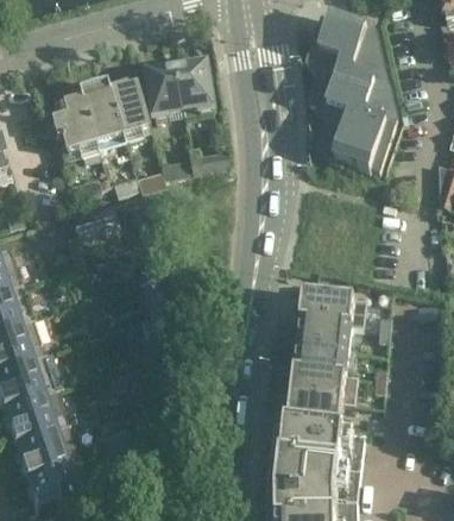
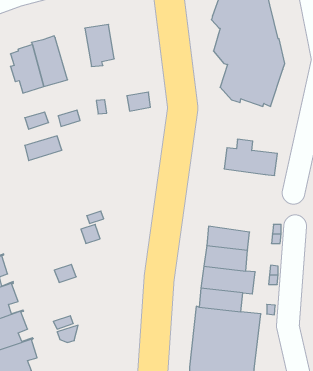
building: [175,62,212,113] -> none
building: [108,79,150,136] -> none
building: [299,282,366,327] -> [224,139,277,175]

